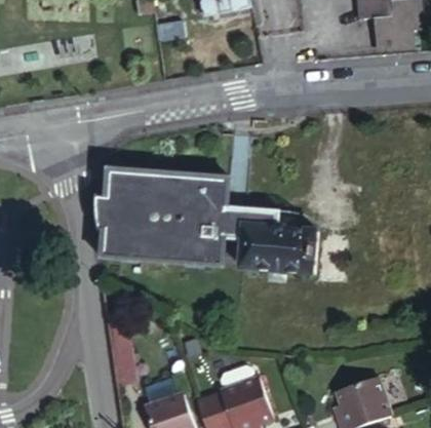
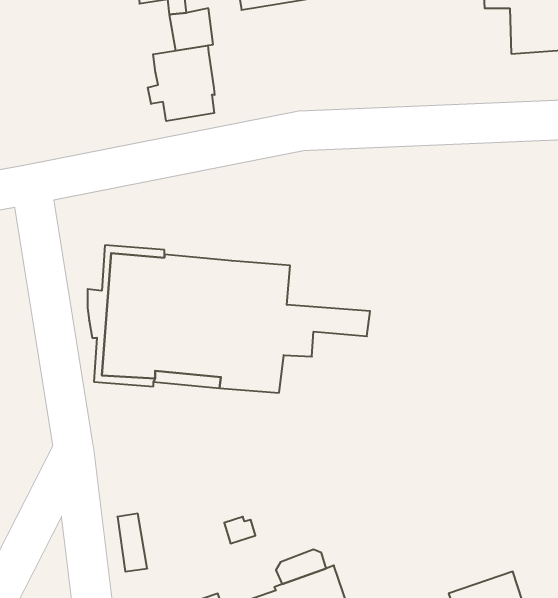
building: none -> [148,45,215,121]
building: [241,223,318,272] -> none

